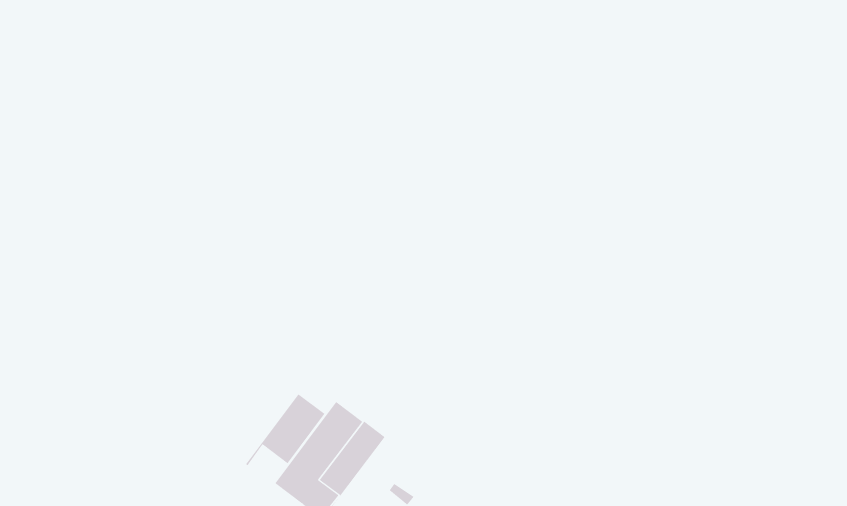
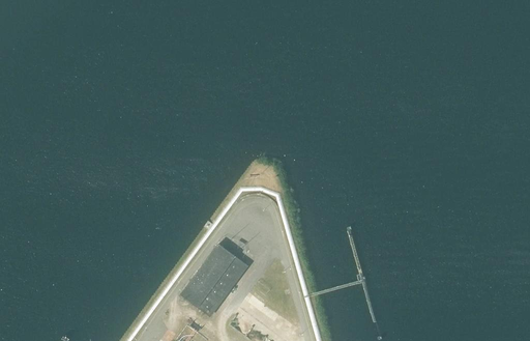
building: [245,394,326,466] -> none

